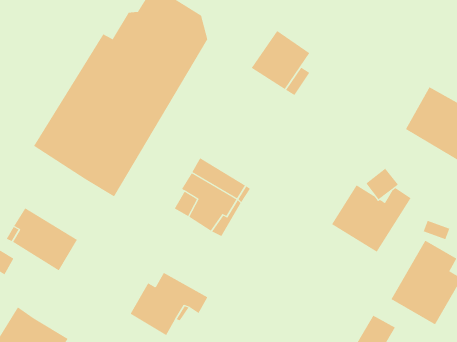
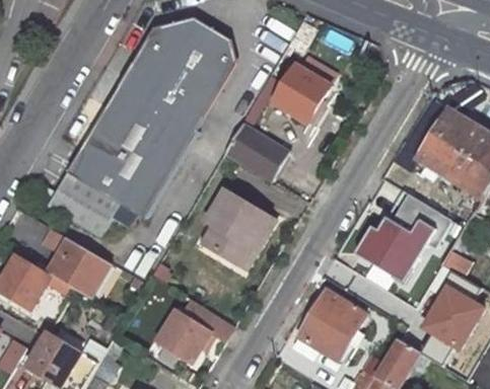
building: none -> [230,126,292,179]
building: none -> [44,176,115,241]
building: none -> [290,292,365,361]

